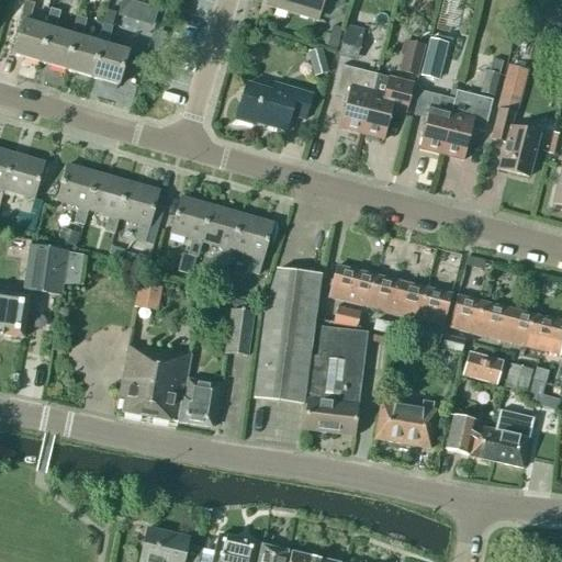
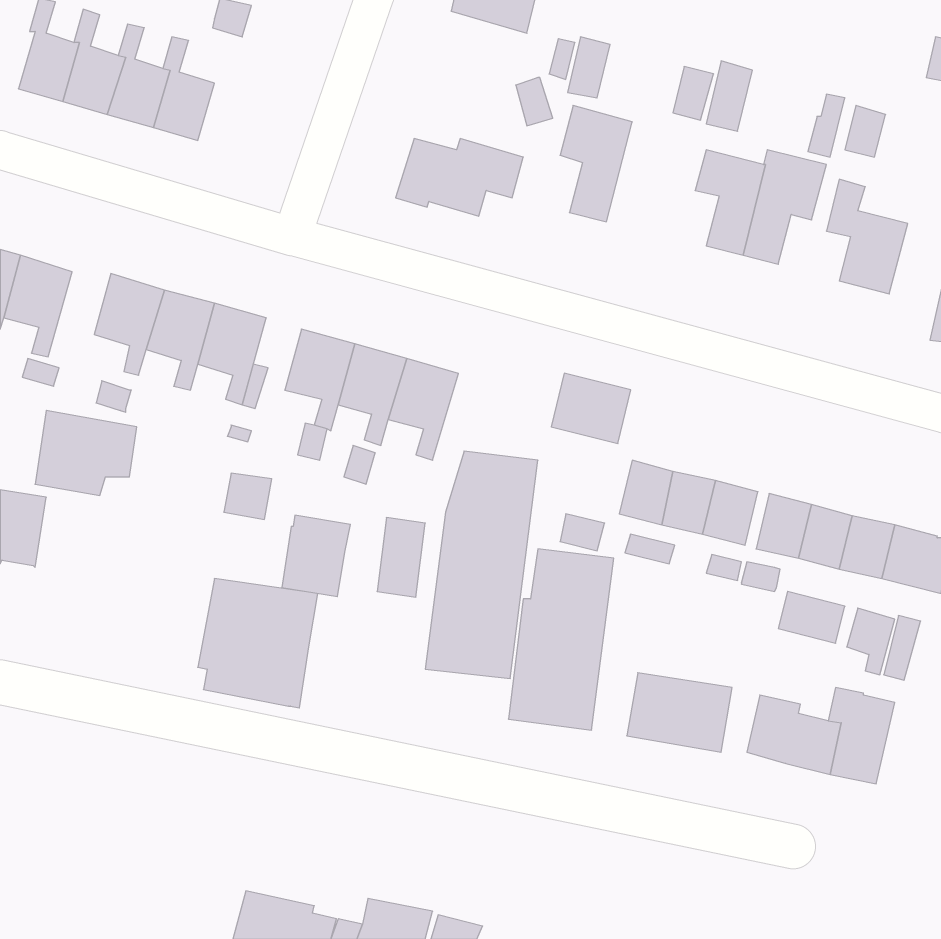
building: [362,72,414,138] -> none
building: [330,263,378,305] -> [551,373,631,444]
building: [180,378,221,426] -> [282,515,350,597]

